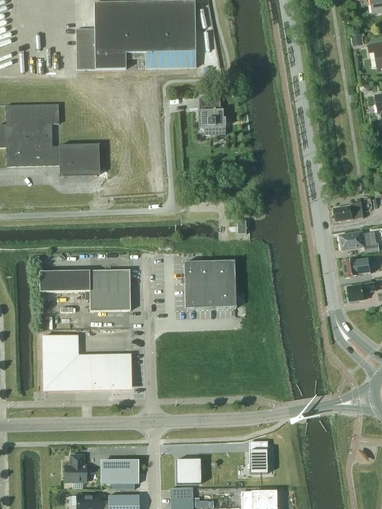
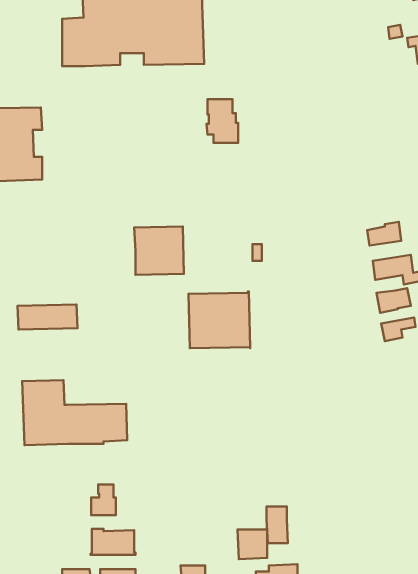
building: [59,144,99,175] -> none
building: [88,270,130,311] -> [134,226,184,275]
building: [64,455,85,481] -> [91,485,116,515]
building: [175,459,200,484] -> [238,530,267,559]

